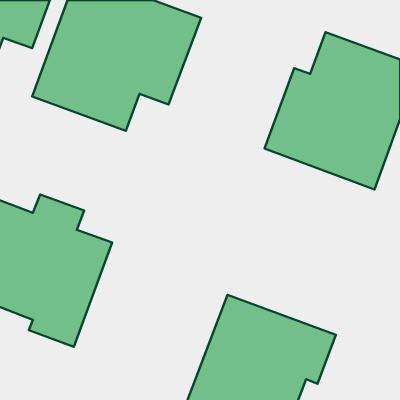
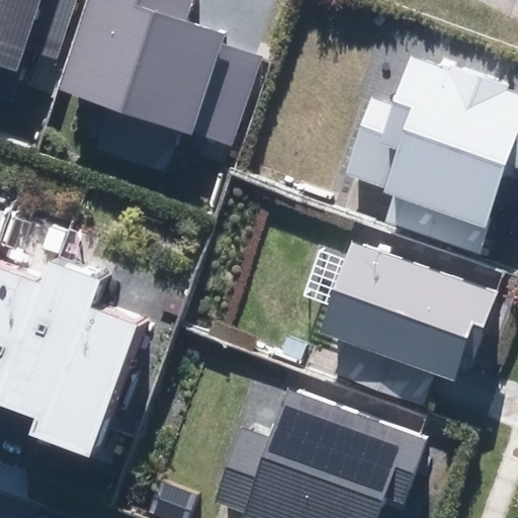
building: none -> [317,234,497,404]

